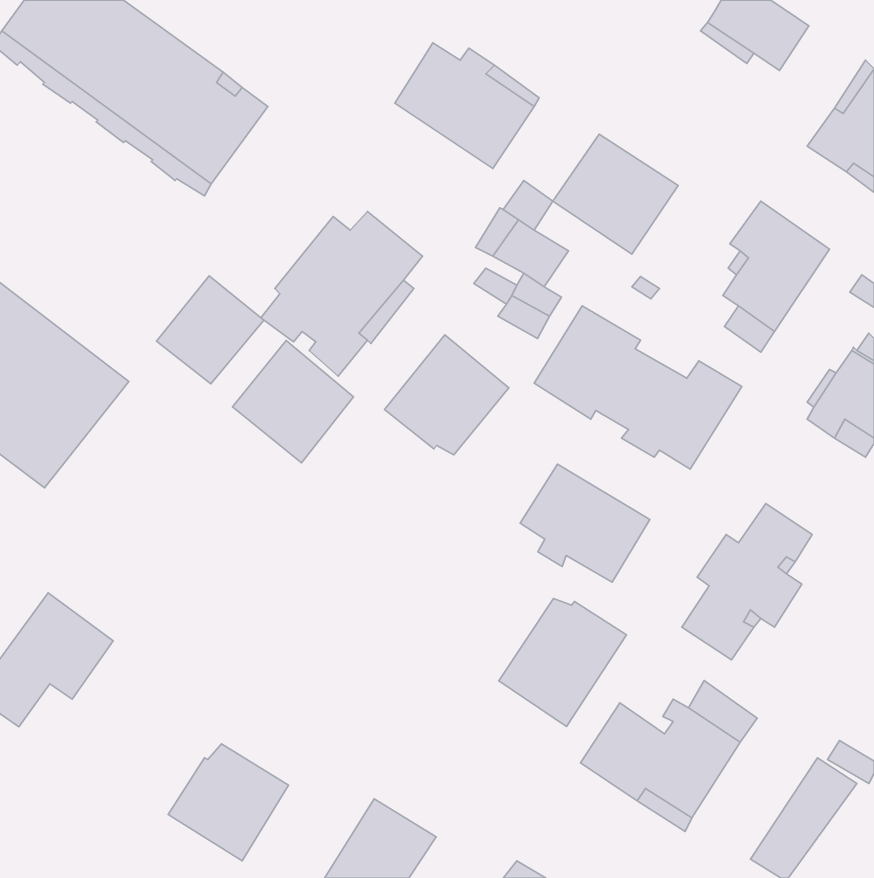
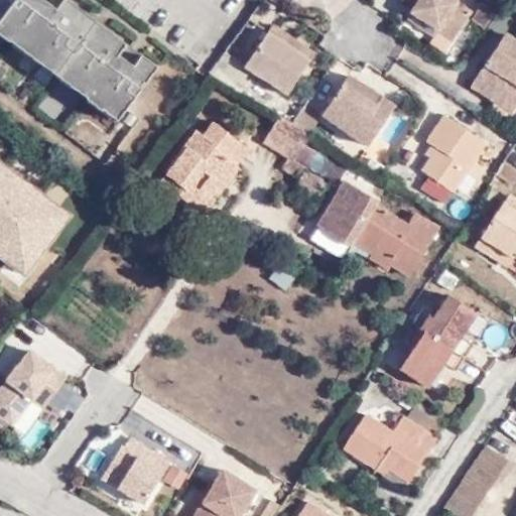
building: [157,276,264,384] -> none
building: [385,335,509,455] -> none
building: [233,341,354,463] -> none
building: [520,464,650,582] -> none
building: [499,599,627,727] -> none

